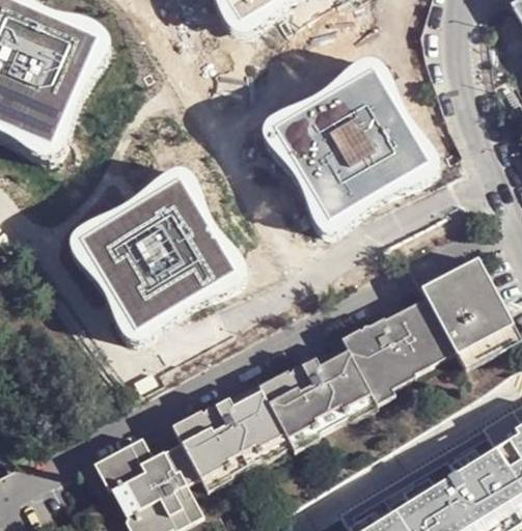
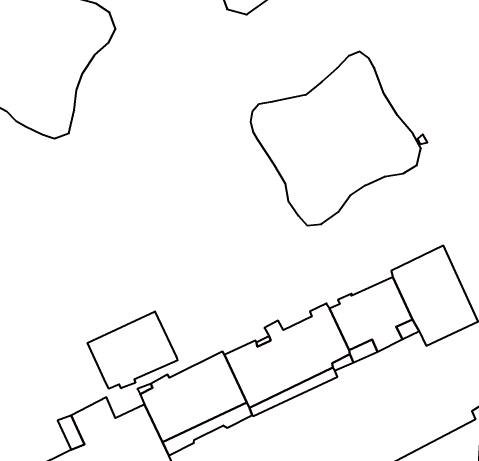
building: [75,169,251,351] -> none
building: none -> [88,311,178,389]

